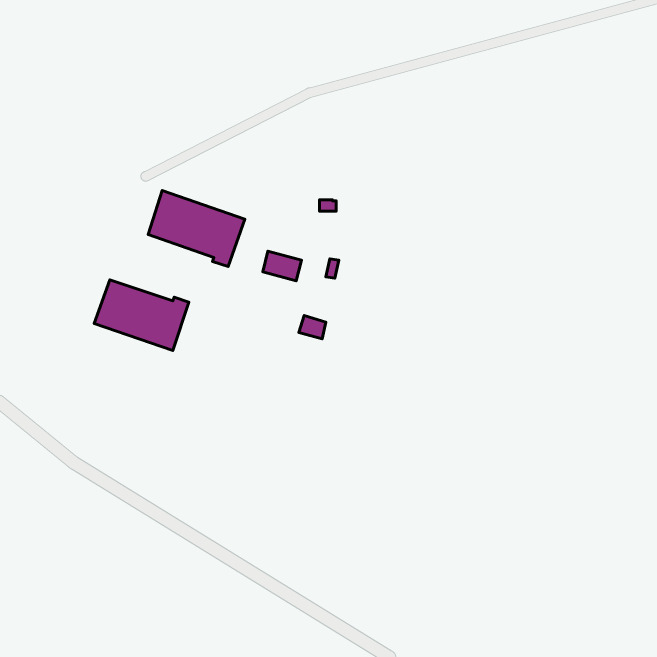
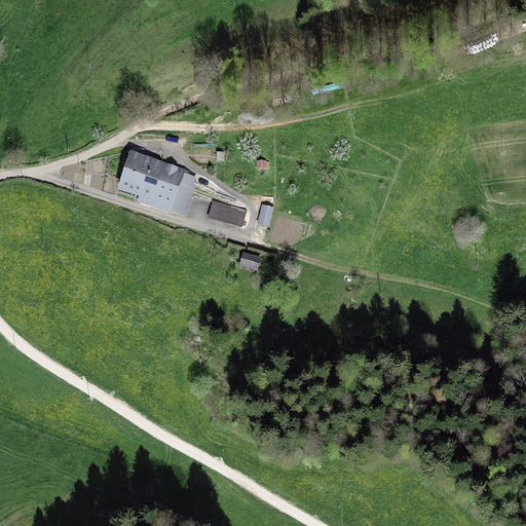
building: [94,280,189,350] -> none

